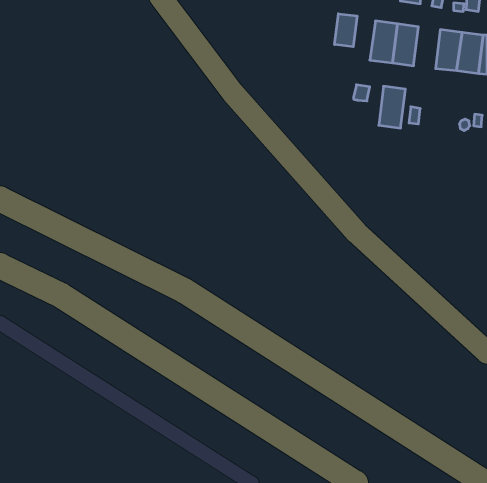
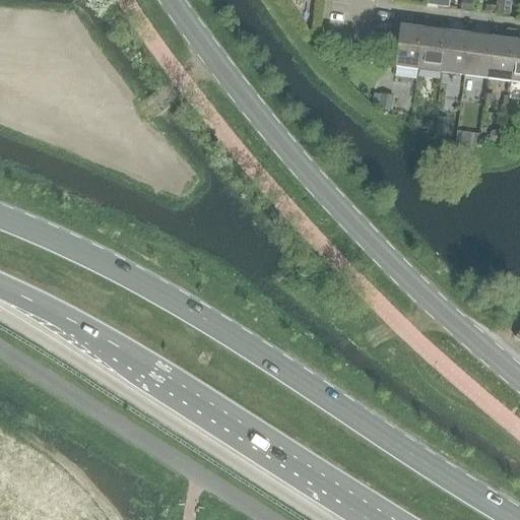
building: [335,14,357,47] -> none
building: [379,86,405,128] -> [441,28,469,73]

